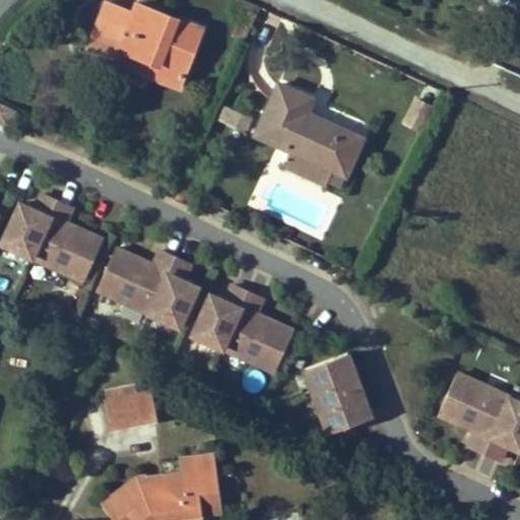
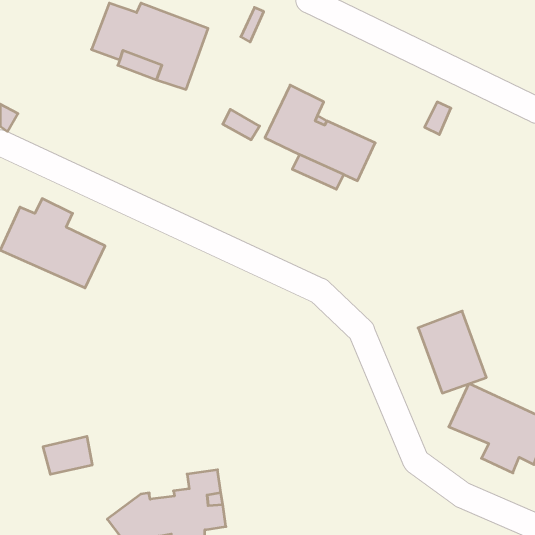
building: [96,248,197,327] -> none
building: [192,285,292,370] -> none
building: [304,352,370,432] -> [418,311,486,393]
building: [109,393,156,430] -> [43,436,92,474]

